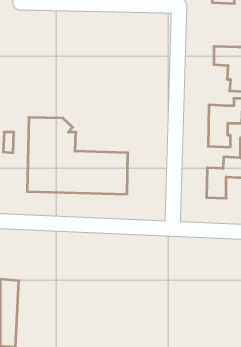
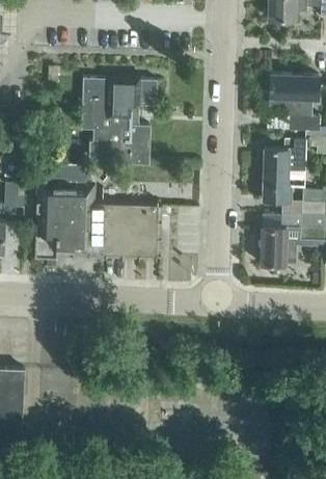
building: none -> [81,77,158,165]

